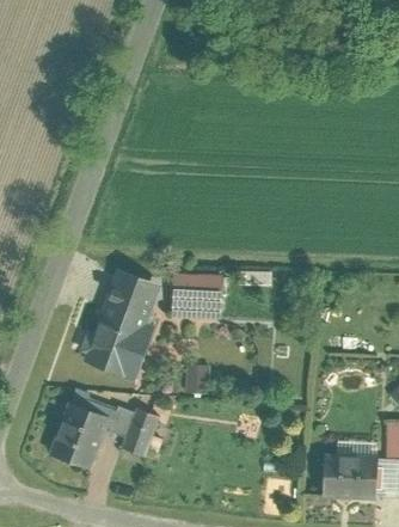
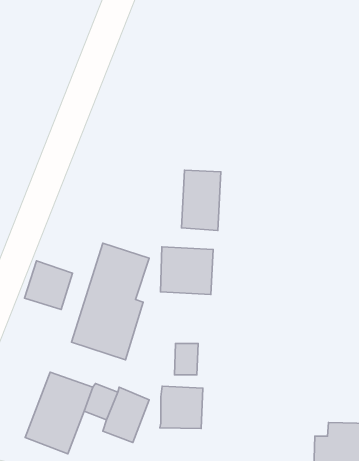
building: none -> [182,170,221,231]
building: none -> [25,261,73,310]
building: none -> [160,386,203,429]

